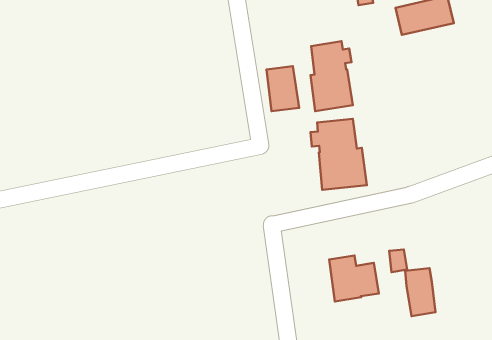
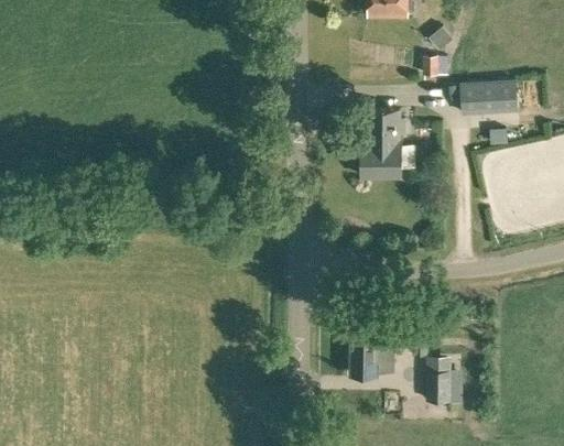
building: [266,66,299,111] -> none
building: [311,119,367,190] -> none

